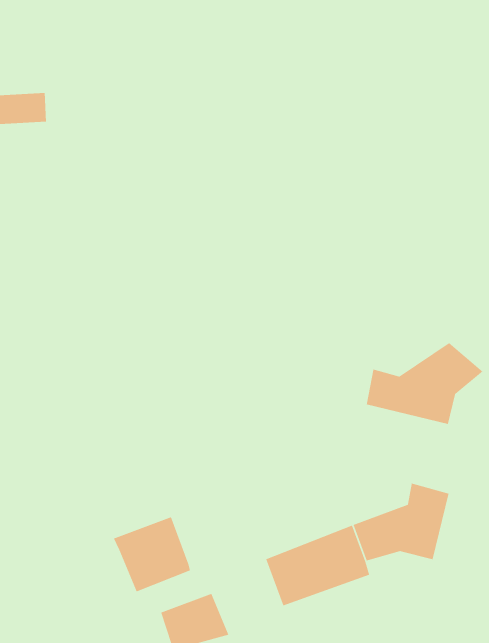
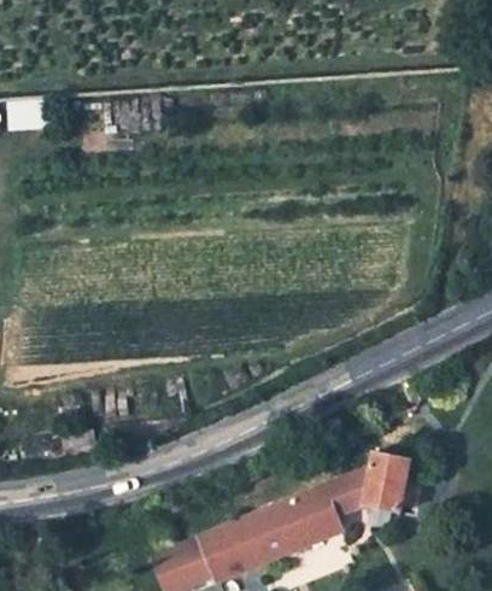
building: [366,342,483,425] -> none
building: [113,516,191,593] -> [194,515,263,583]

